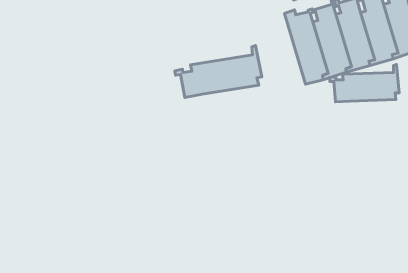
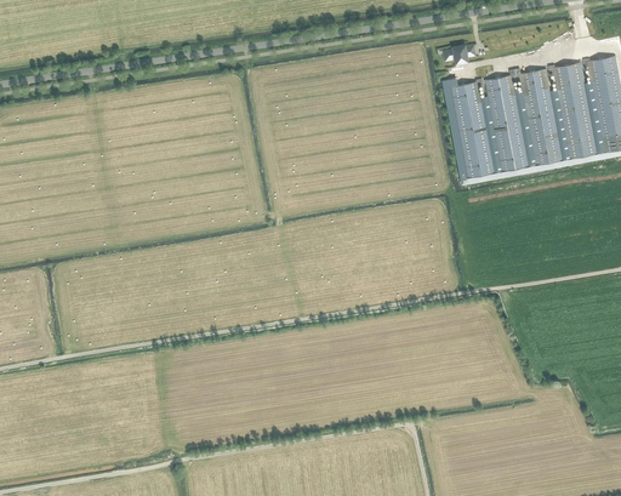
building: [175,45,262,98] -> none
building: [330,65,399,102] -> none

